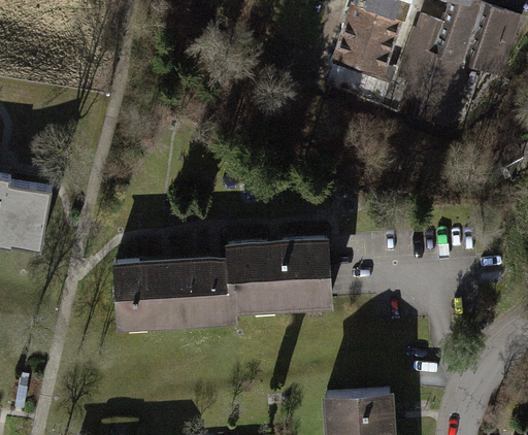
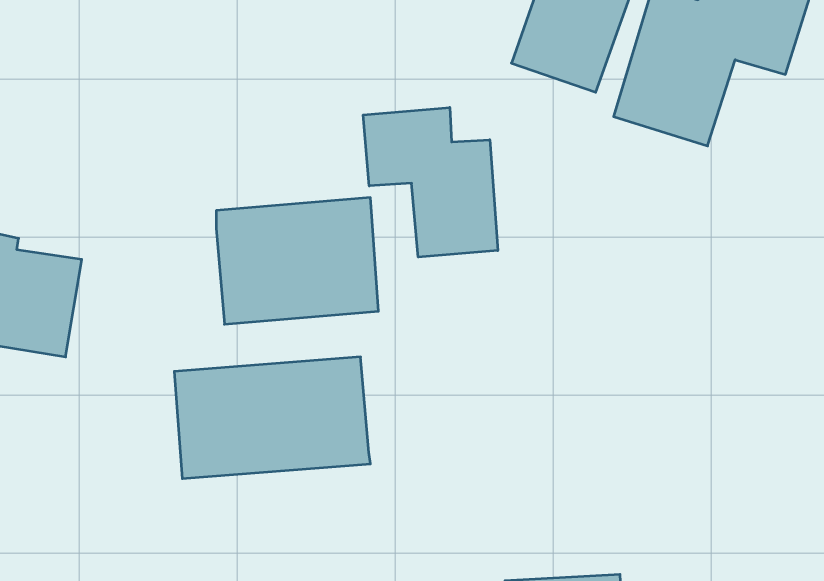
building: none -> [363,107,498,257]
building: [230,234,333,314] -> [216,198,378,324]

